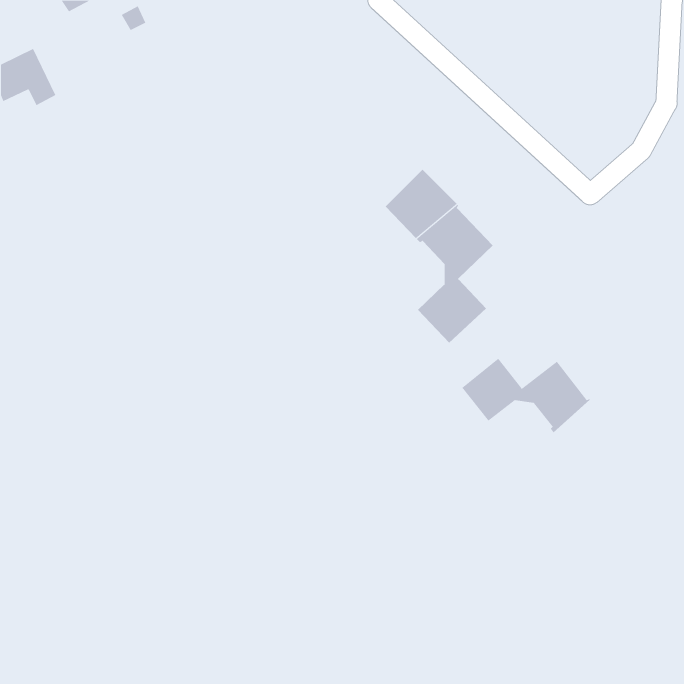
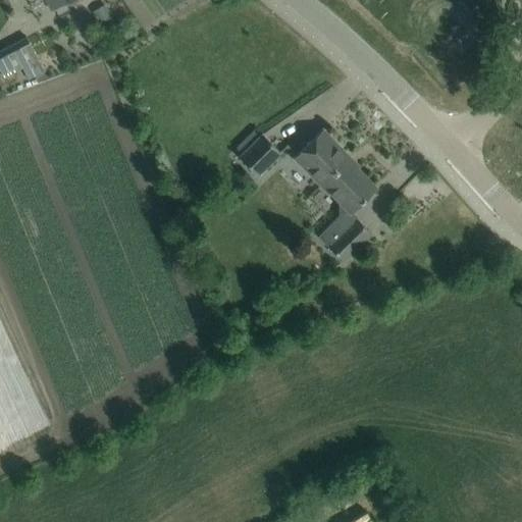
building: none -> [240,134,282,176]
building: [462,358,590,433] -> none

